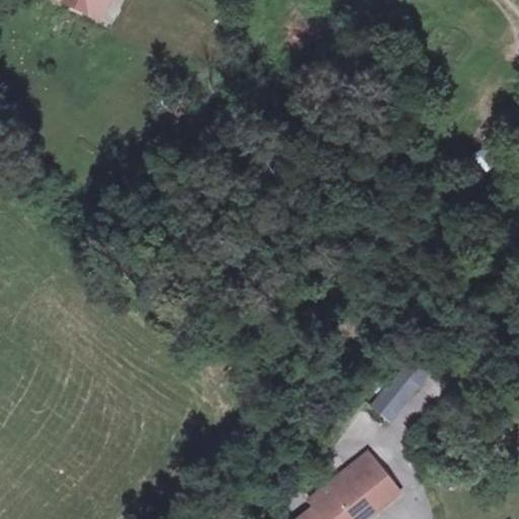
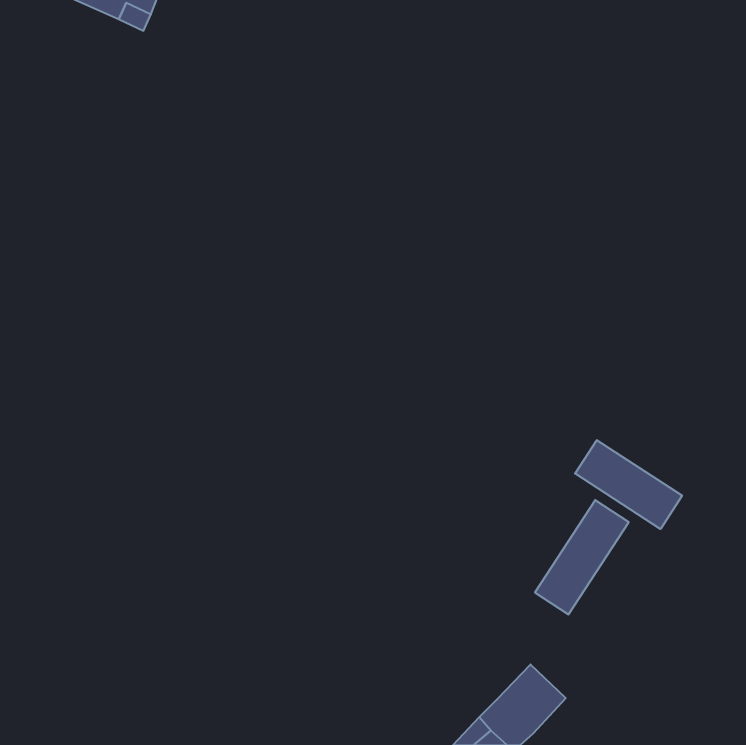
building: none -> [575,440,682,529]

